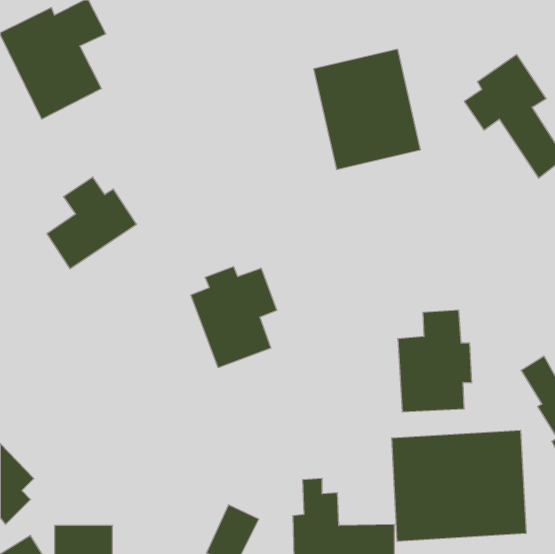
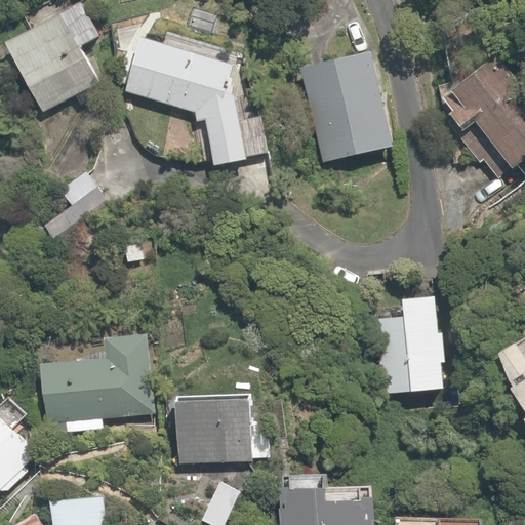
building: none -> [127,35,265,166]
building: [191,267,277,368] -> none
building: none -> [38,325,167,436]
building: none -> [173,385,269,466]
building: [392,430,526,541] -> none

